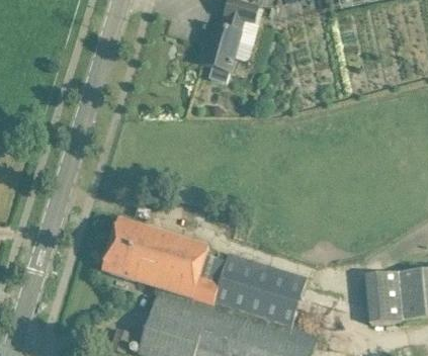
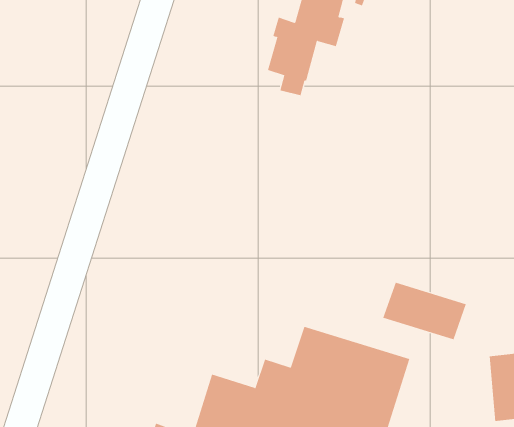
building: [102,217,208,297] -> none
building: none -> [383,282,467,340]

